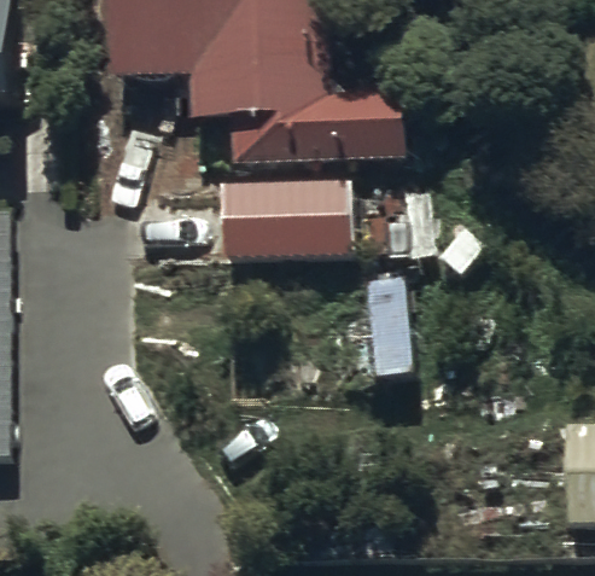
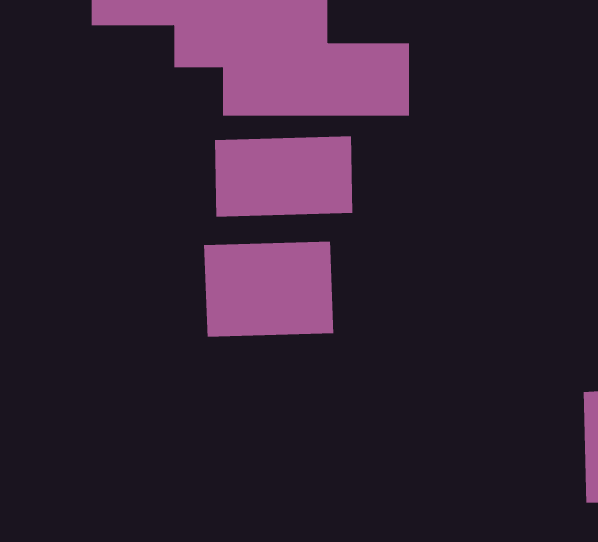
building: none -> [204,241,334,337]

